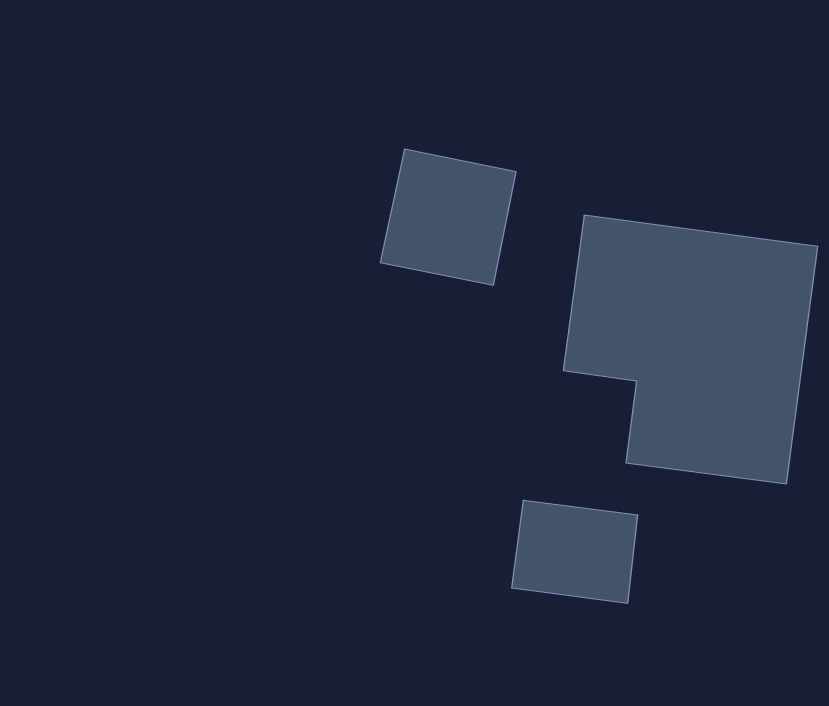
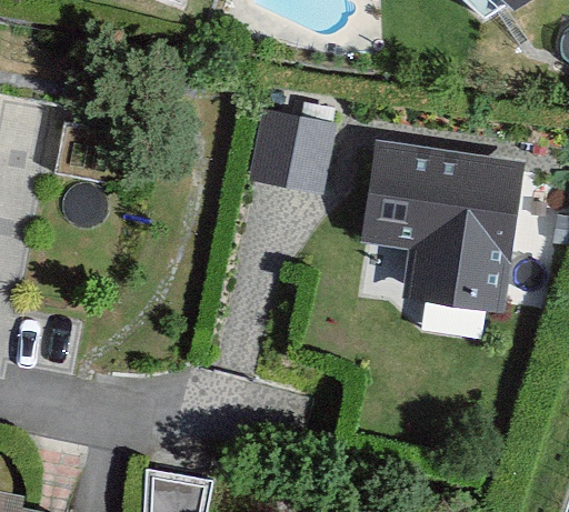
building: [512,500,638,603] -> none

